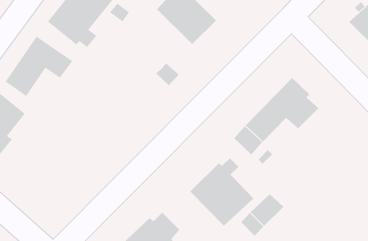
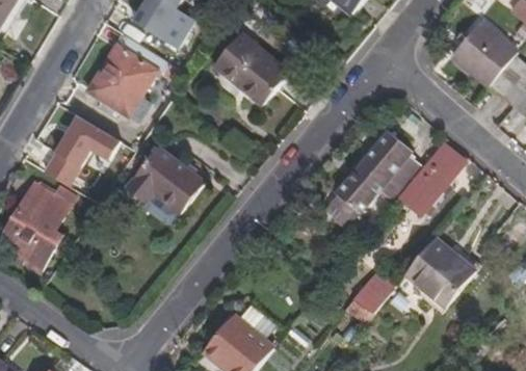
building: none -> [126,145,205,212]
building: none -> [396,143,466,218]
building: [189,158,254,227] -> none
building: none -> [403,239,475,310]

